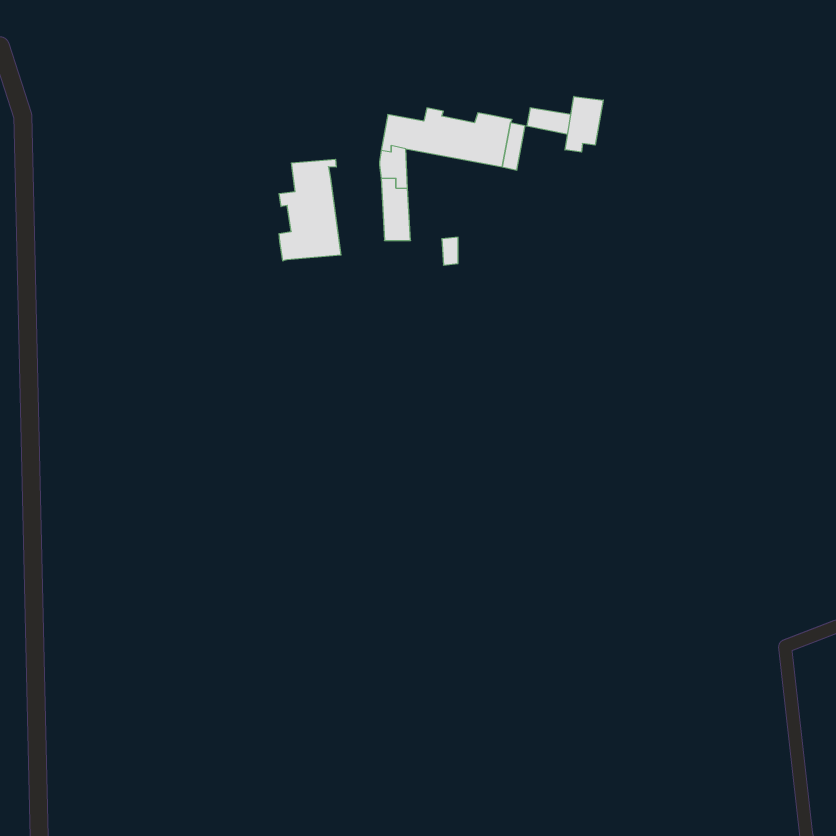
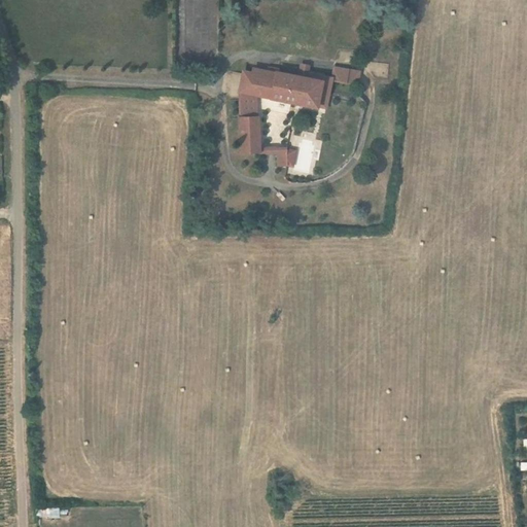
building: [565,96,603,152] -> none
building: [279,159,341,261] -> none

